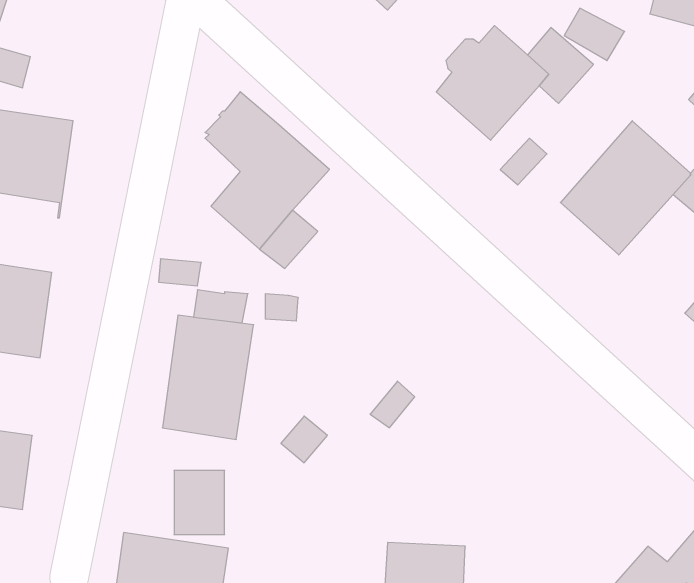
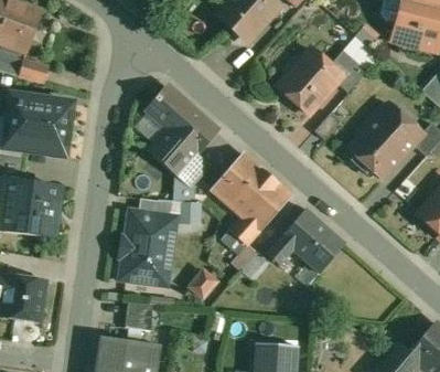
building: none -> [212,155,290,253]
building: none -> [267,210,345,274]

